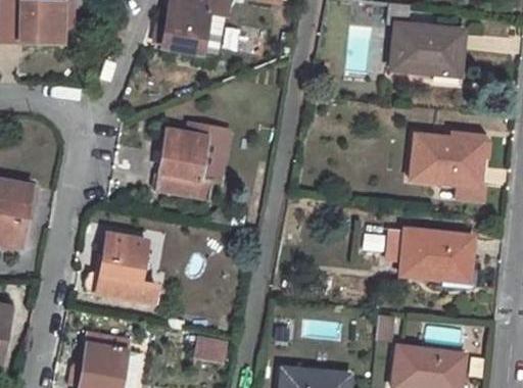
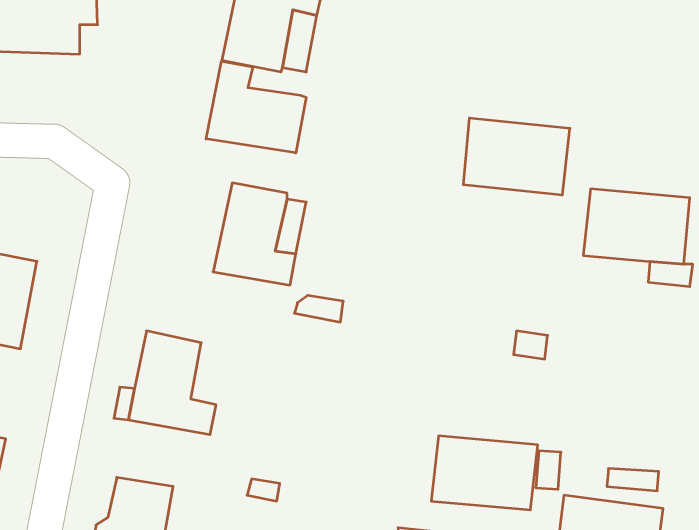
building: [390,22,464,76] -> [463,118,570,195]
building: none -> [206,61,306,153]
building: [400,230,474,281] -> [431,436,538,510]

